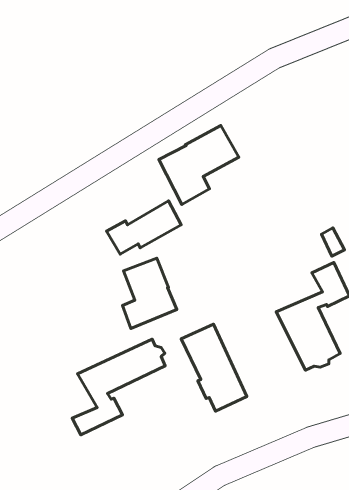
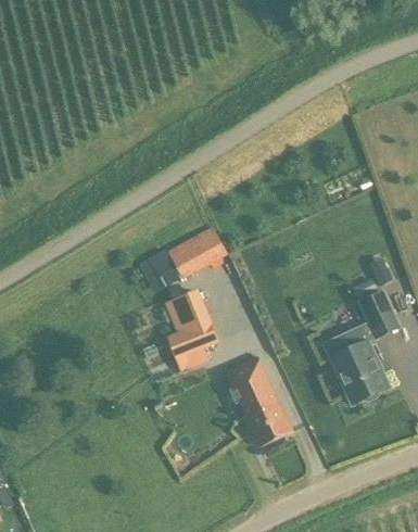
building: [159,125,239,205] -> none
building: [72,339,165,435] -> none

